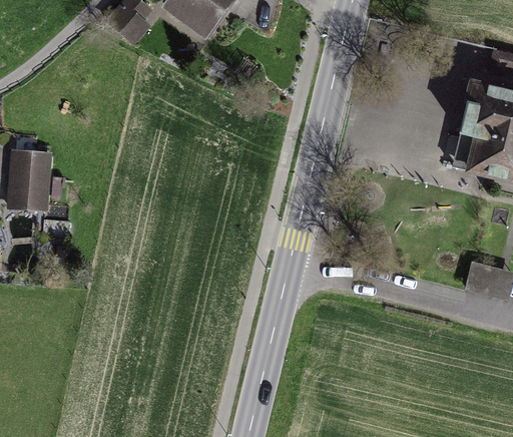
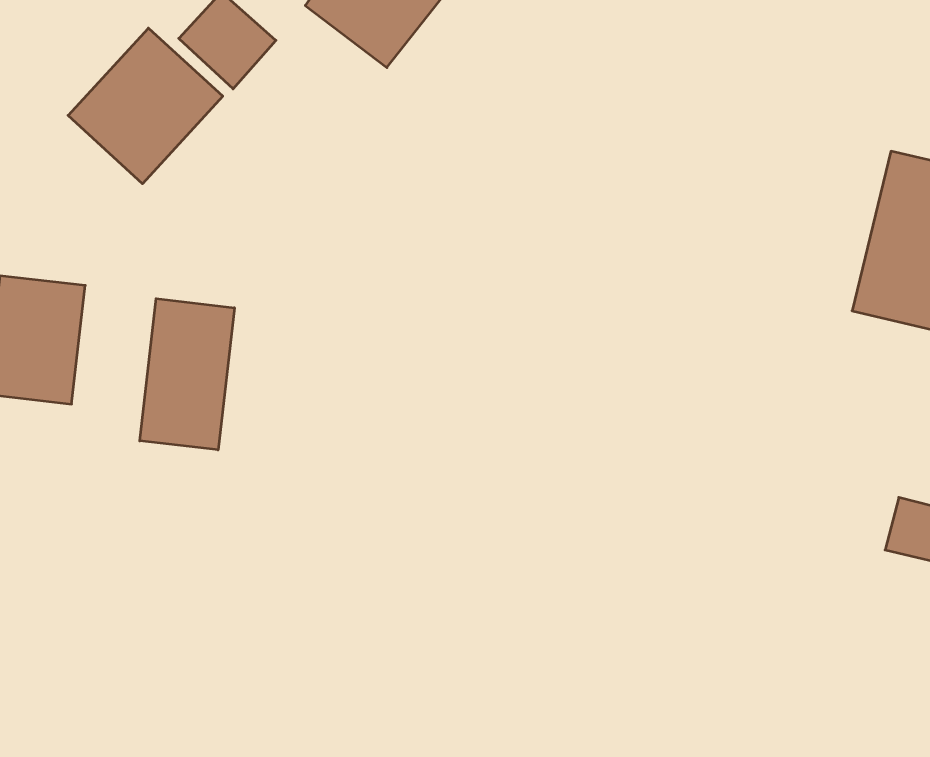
building: none -> [68,28,223,184]
building: none -> [140,299,234,450]

